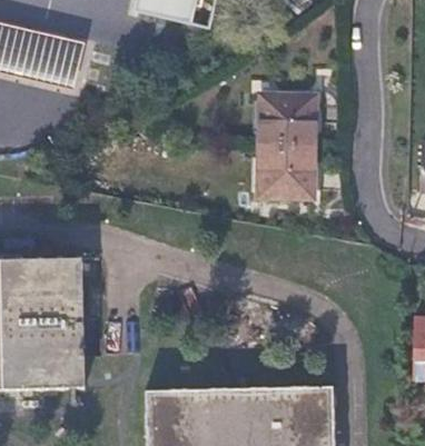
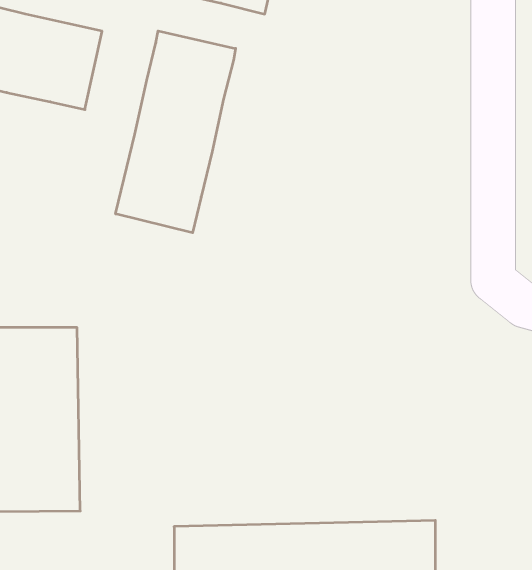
building: none -> [116,31,236,233]
building: [258,92,316,199] -> none

